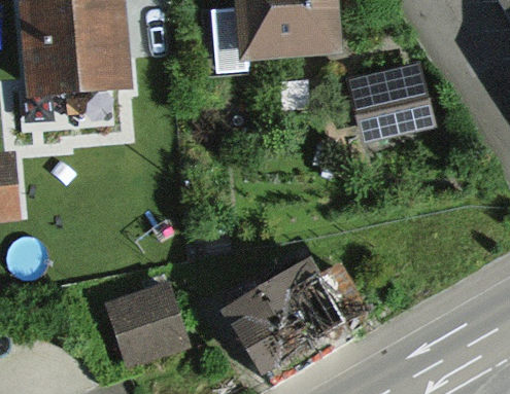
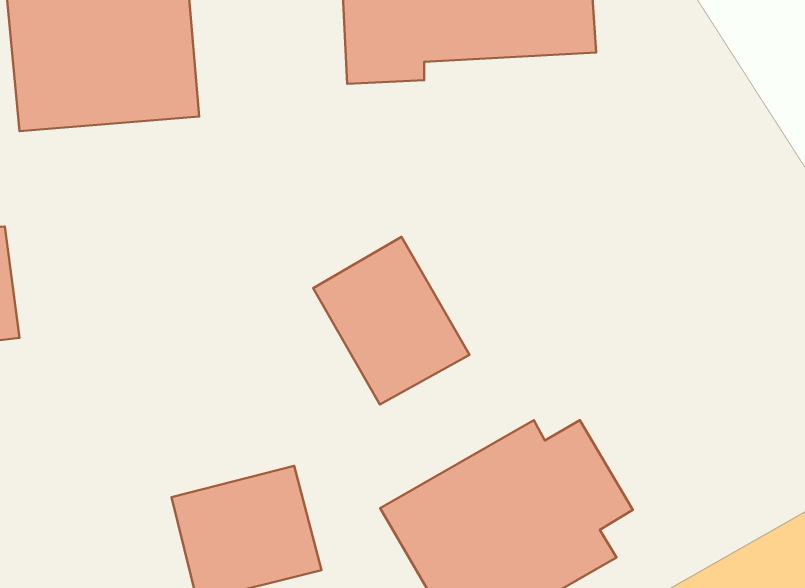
building: [347,59,436,139] -> none
building: none -> [313,237,469,405]

